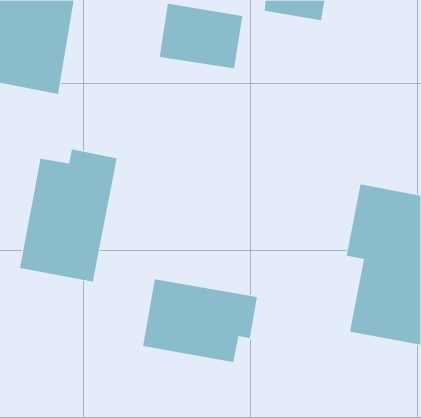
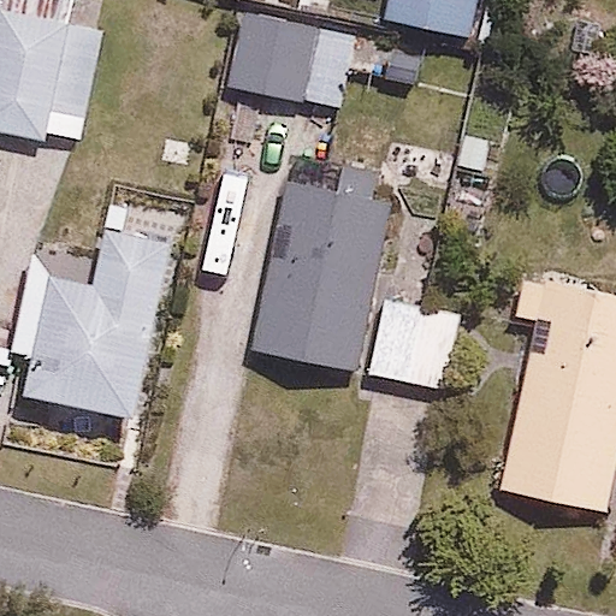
building: none -> [248,178,456,389]
building: [142,279,258,363] -> none

